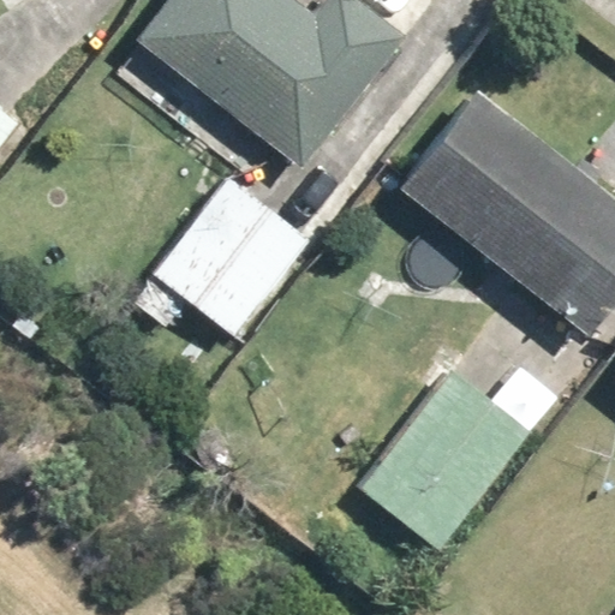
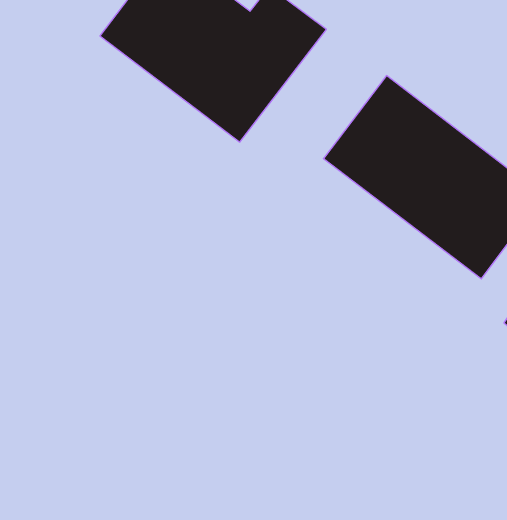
building: [155,175,311,336] -> none
building: [356,366,535,555] -> none

